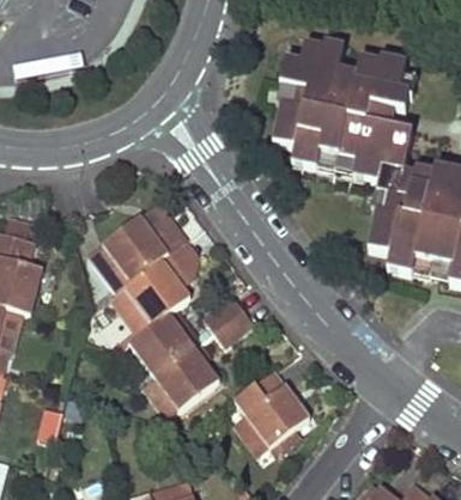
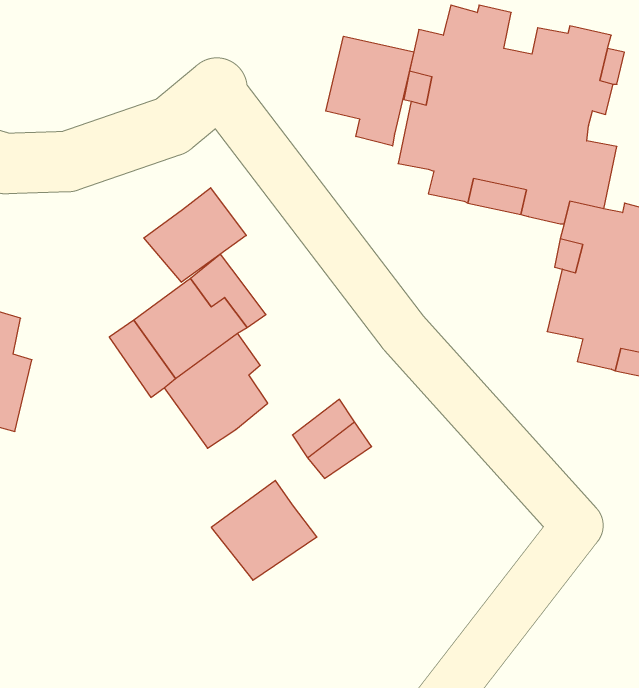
building: none -> [326,36,414,146]
building: none -> [144,188,246,282]
building: [129,311,195,373] -> none
building: [236,370,309,443] -> none

